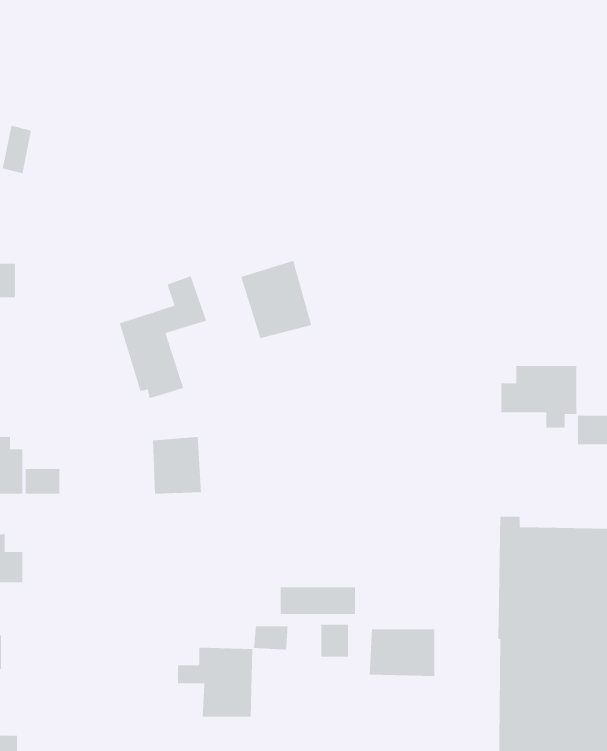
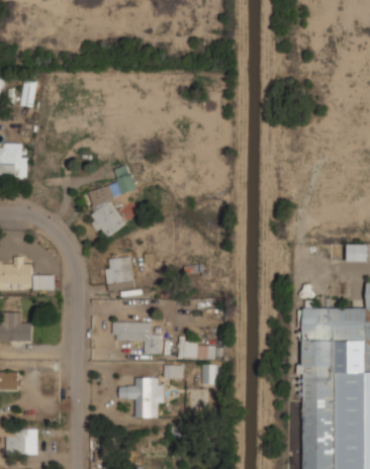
building: [240,260,312,339] -> none
building: [501,365,577,428] -> none
building: none -> [113,321,162,355]
building: [369,629,435,677] -> none

